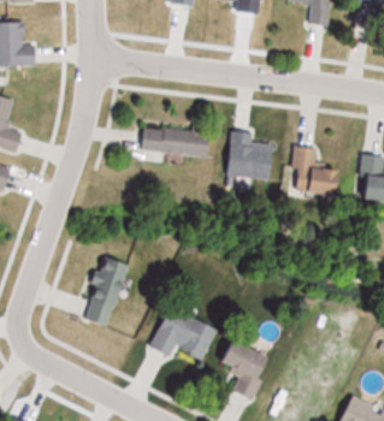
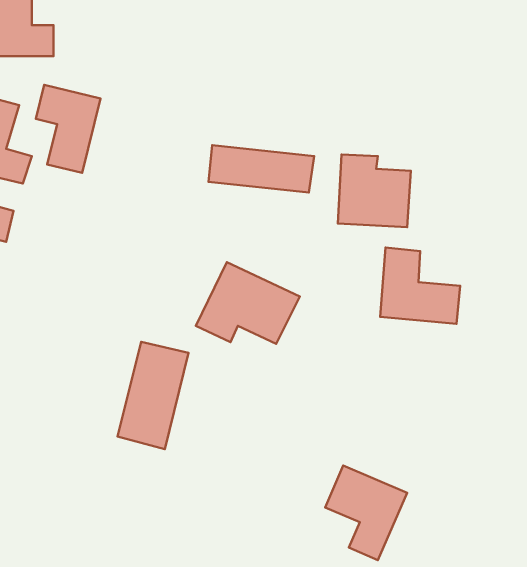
building: none -> [36,85,101,173]
building: [288,144,341,195] -> [380,248,460,324]
building: [149,304,218,358] -> [196,262,300,344]

